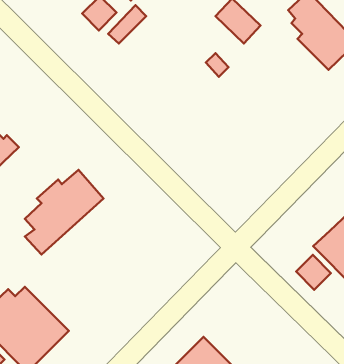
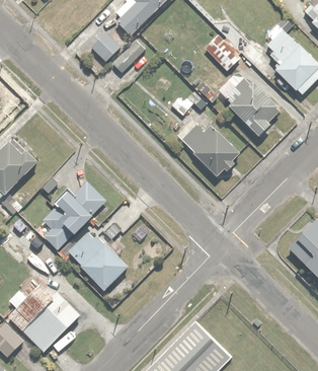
building: none -> [216,77,284,137]
building: none -> [178,123,241,175]
building: none -> [68,231,127,289]
building: [296,255,331,290] -> none

